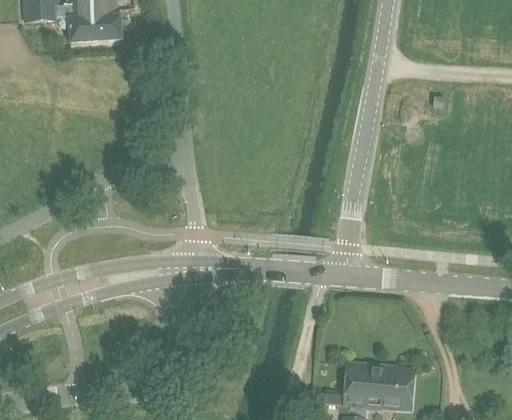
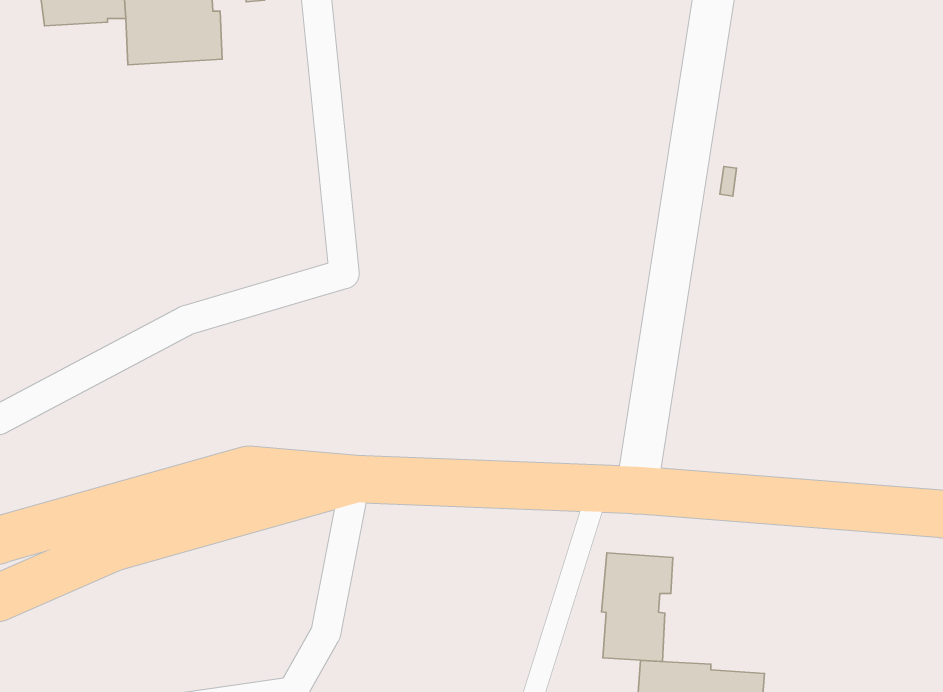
building: none -> [602,553,673,662]

